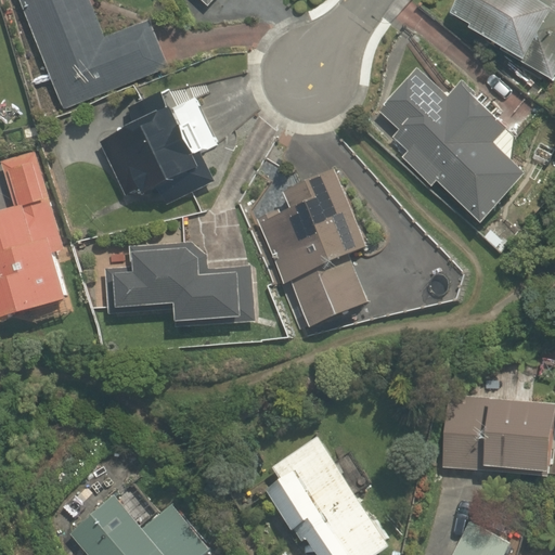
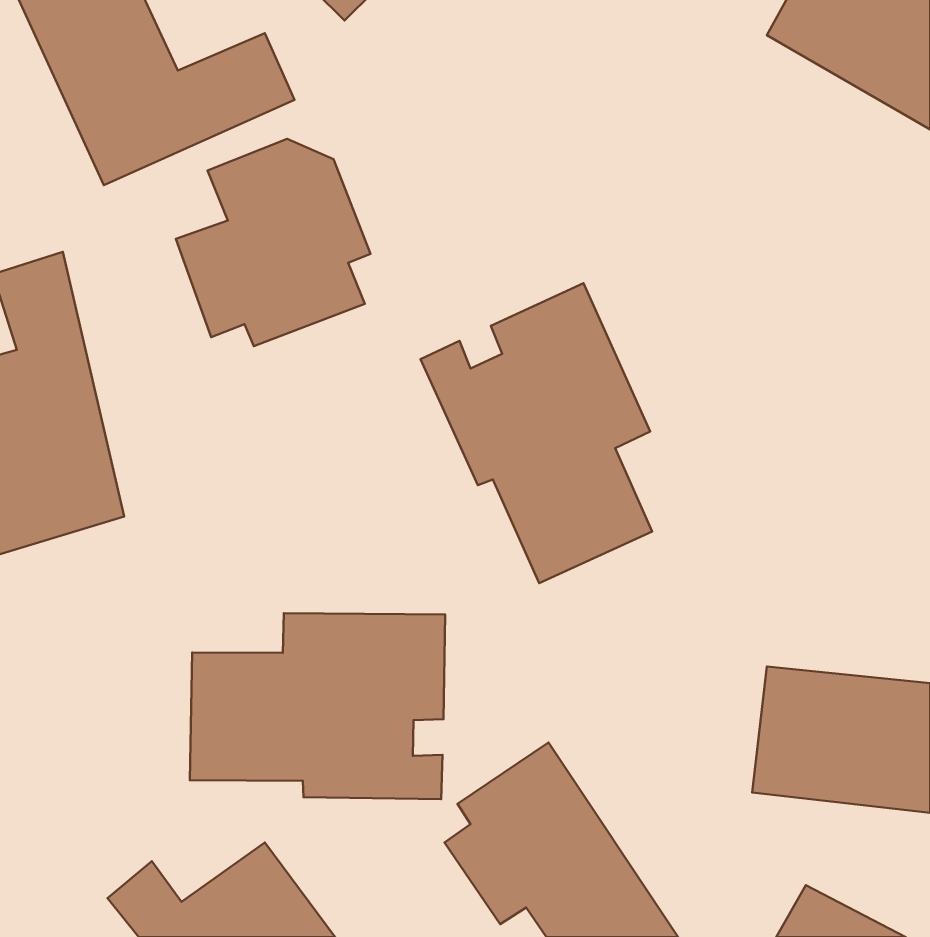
building: [379,73,533,229] -> none
building: [98,242,250,324] -> none
building: none -> [190,613,445,799]

